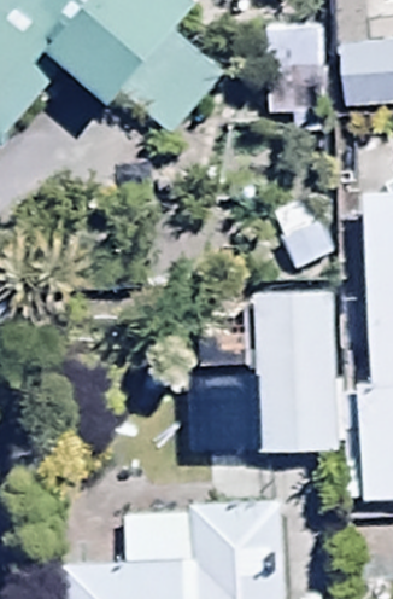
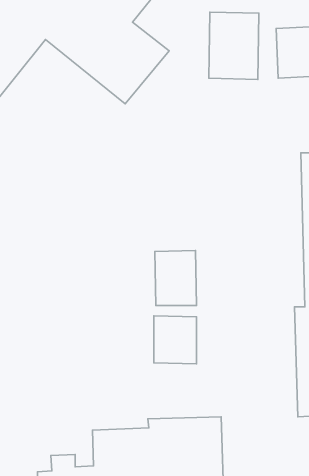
building: [256,243,336,397] -> none

